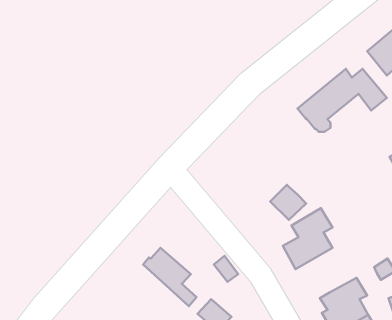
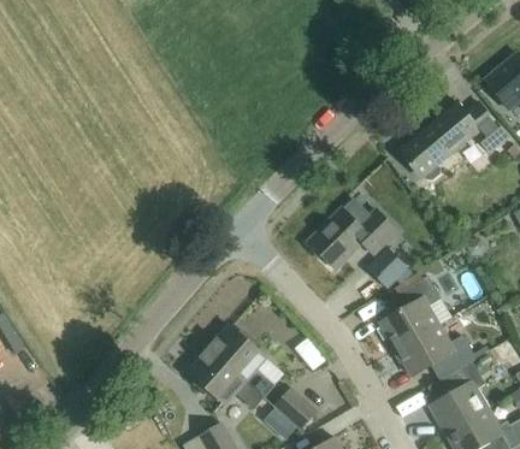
building: none -> [307,200,397,270]
building: none -> [396,325,477,380]
building: none -> [188,345,264,409]

